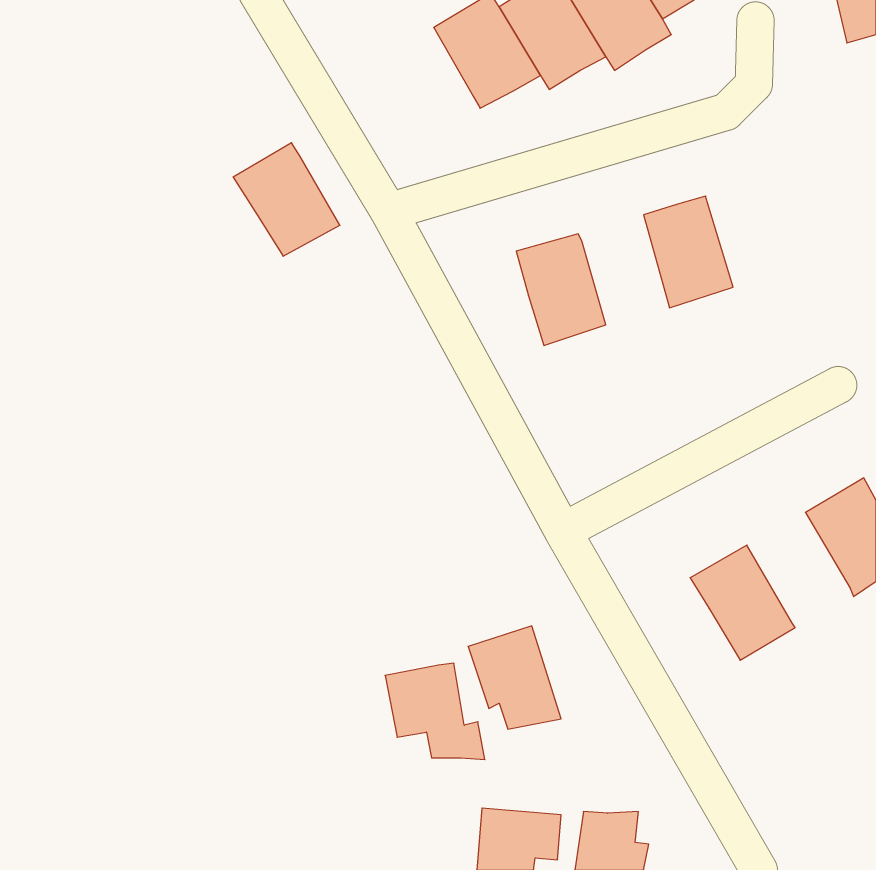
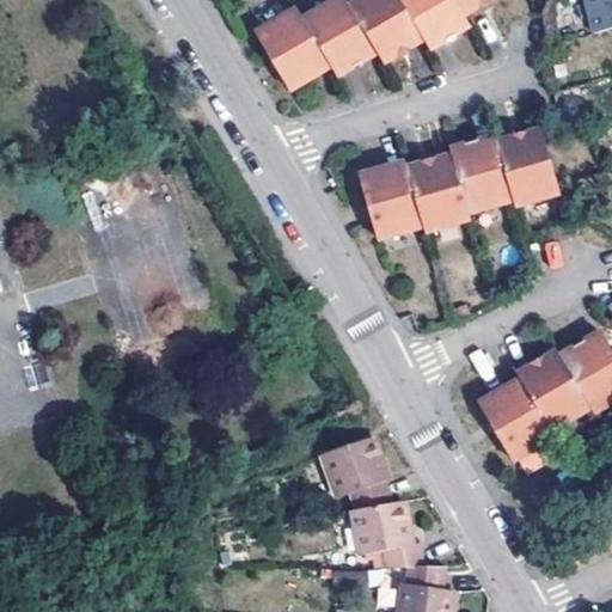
building: [233,143,340,256] -> [255,10,329,88]
building: none -> [491,129,555,206]
building: none -> [404,154,467,232]
building: none -> [516,351,590,433]
building: [385,663,485,760] -> [353,498,422,565]

